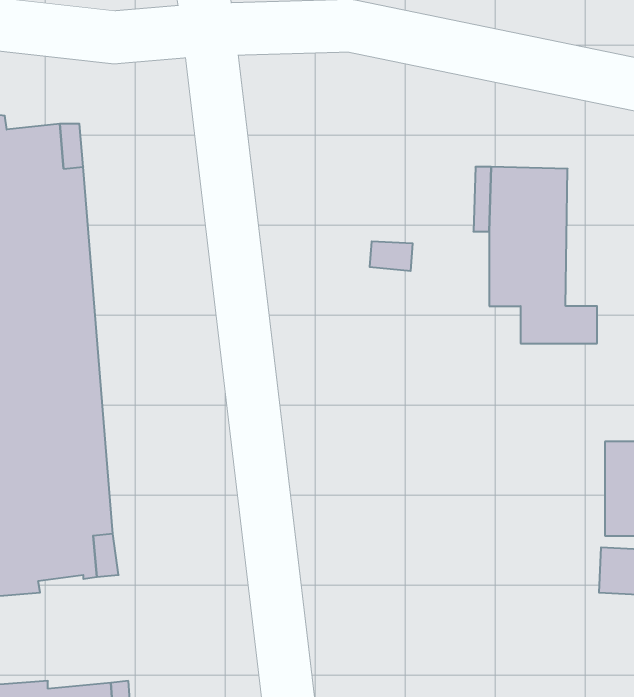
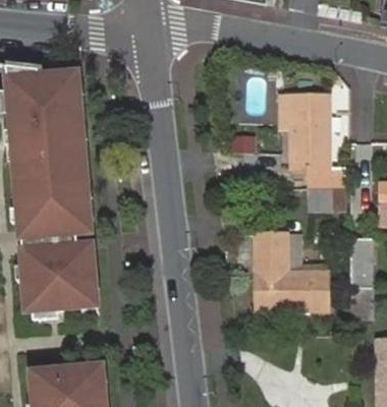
building: none -> [306,186,346,211]
building: none -> [255,233,327,306]

